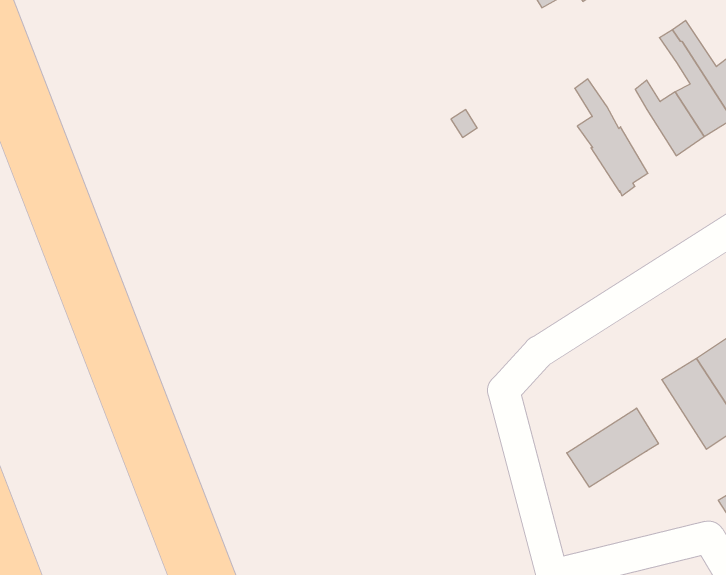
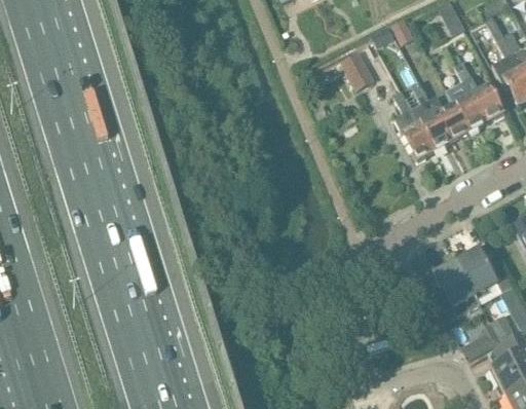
building: none -> [341,50,373,87]
building: none -> [412,83,451,148]
building: [567,408,658,487] -> none

